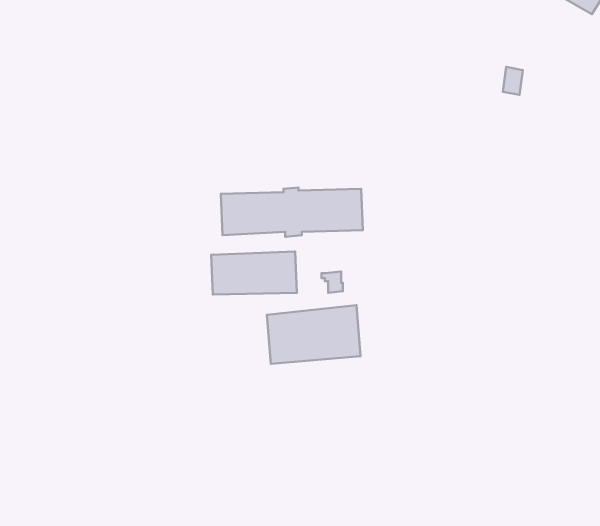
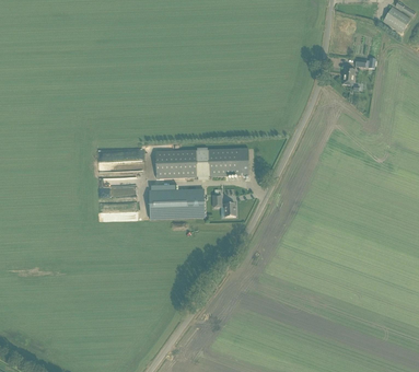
building: [267,305,361,364] -> none

